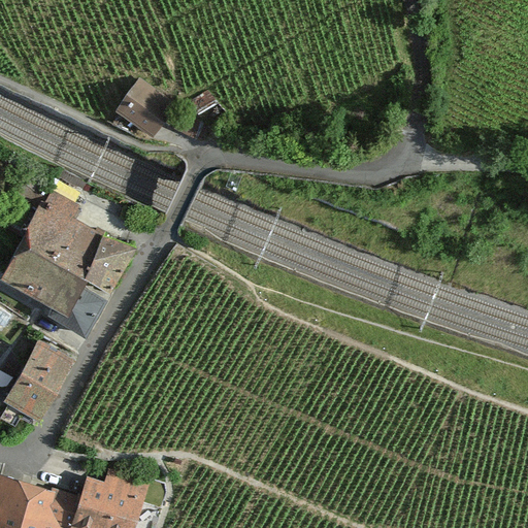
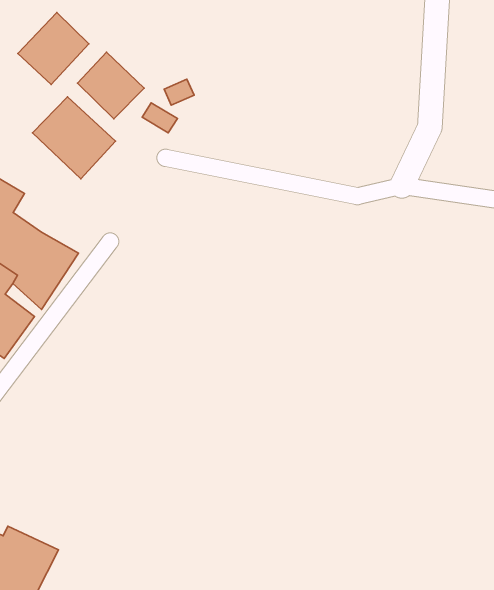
building: none -> [18,13,89,85]
building: none -> [32,97,116,179]

